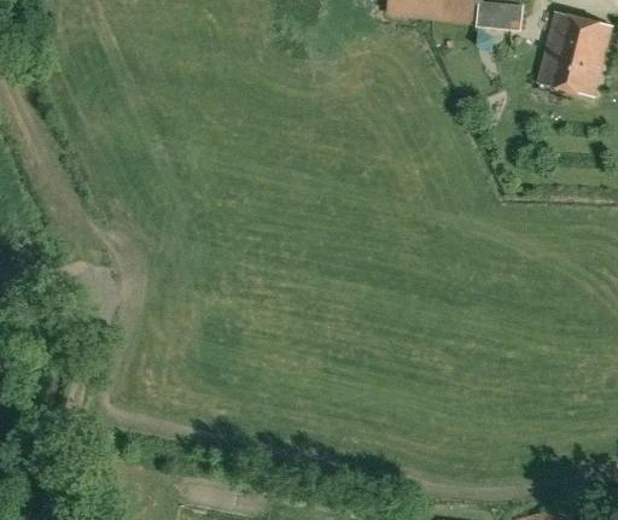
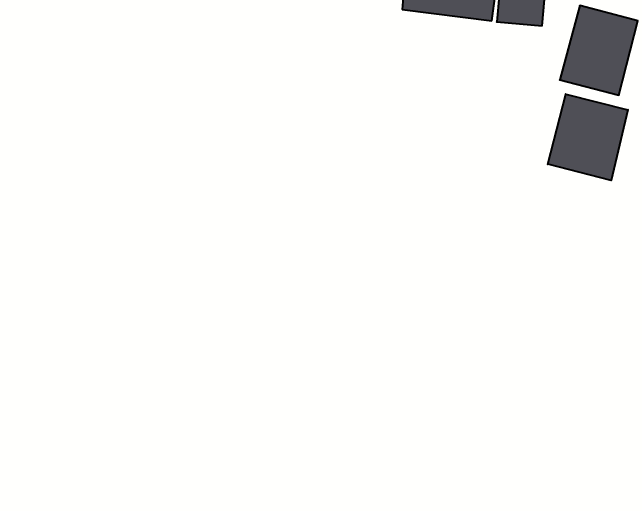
building: none -> [548,94,628,180]

